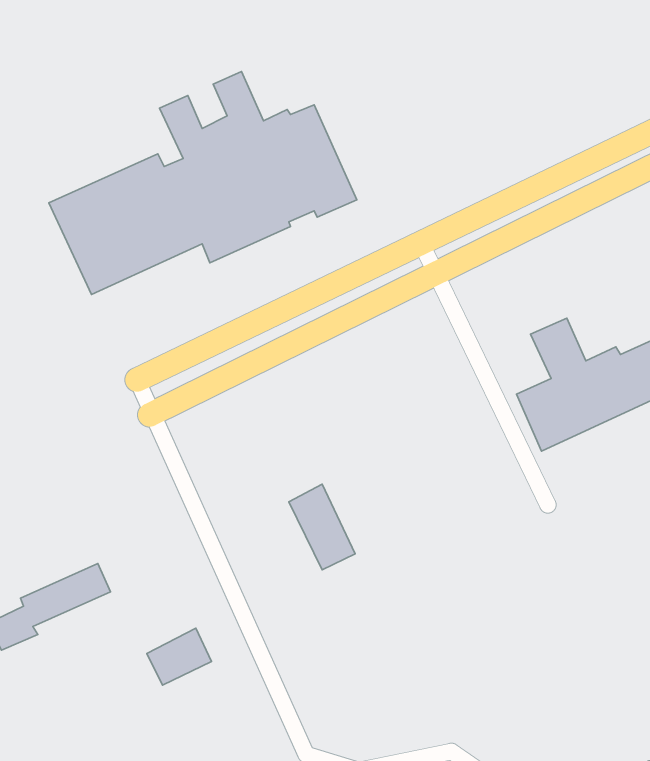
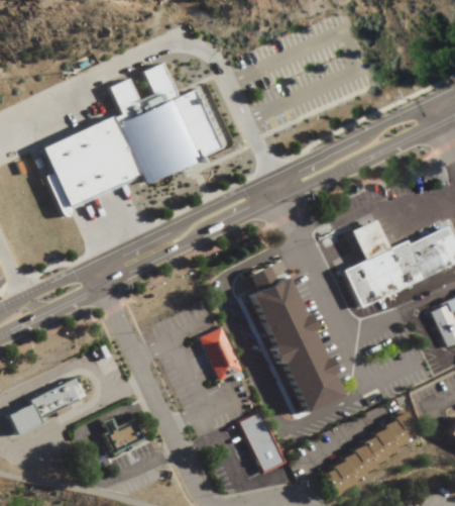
building: none -> [243,267,338,414]
building: none -> [237,412,282,474]
building: none -> [321,415,423,495]

